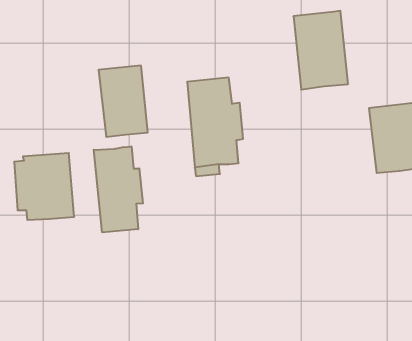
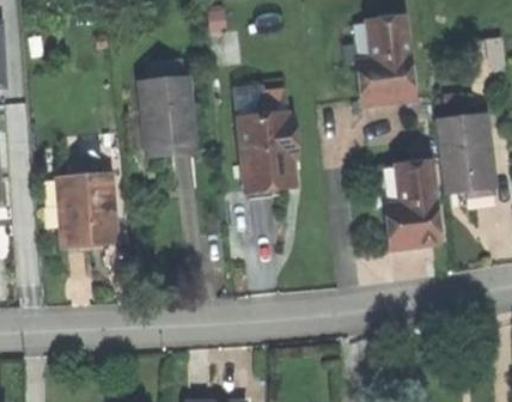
building: none -> [382,163,441,248]
building: [94,146,143,232] -> none

